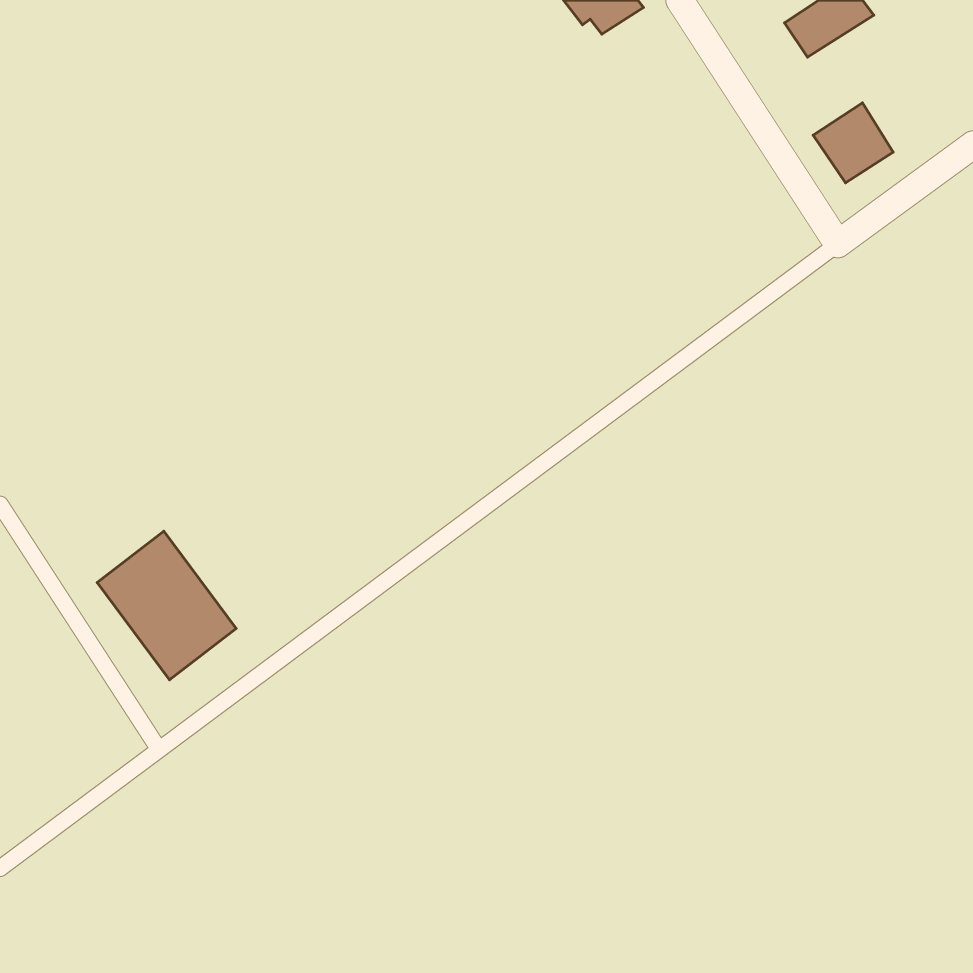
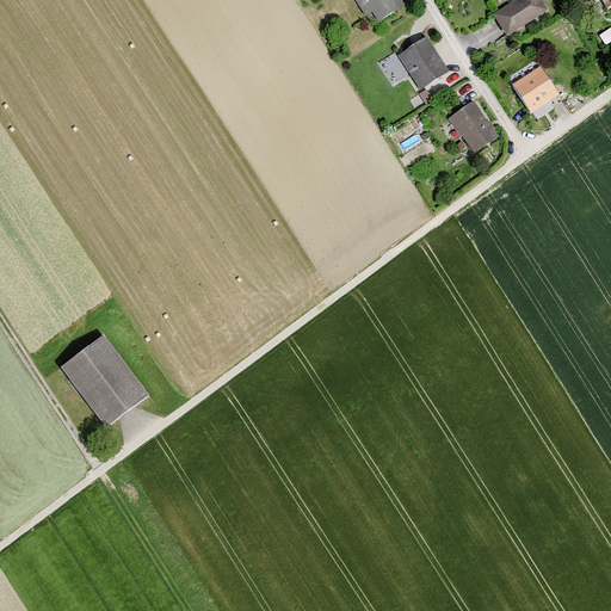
building: none -> [396,37,449,90]
building: none -> [448,100,498,154]

